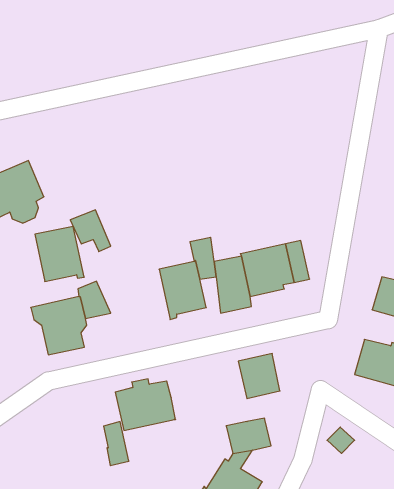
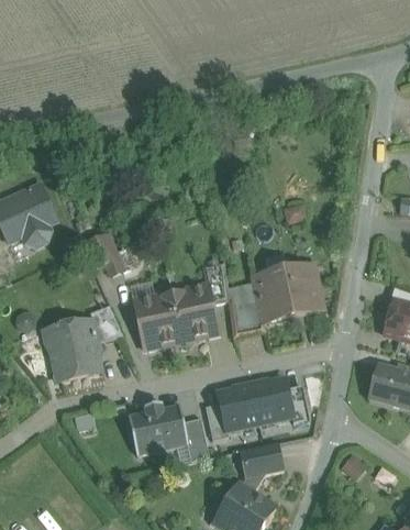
building: [35,227,84,281] -> [134,292,184,347]
building: none -> [219,385,261,429]
building: [104,422,129,466] -> [185,417,210,461]

